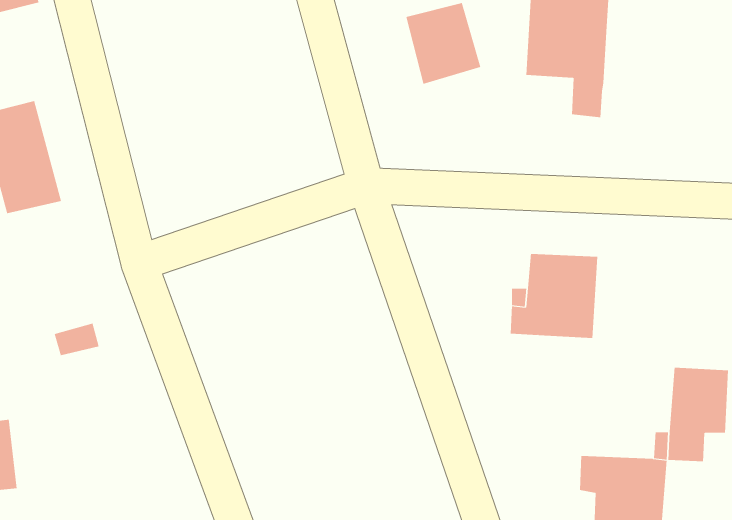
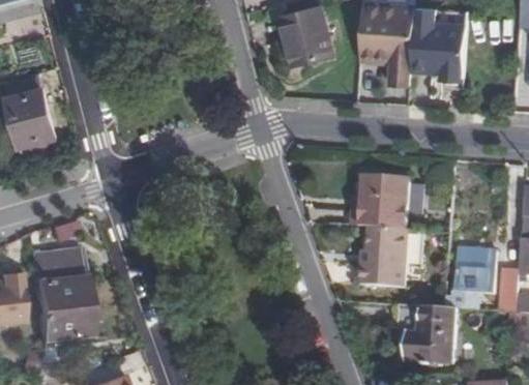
building: none -> [413,24,468,72]
building: none -> [359,227,410,287]
building: none -> [29,249,89,338]

